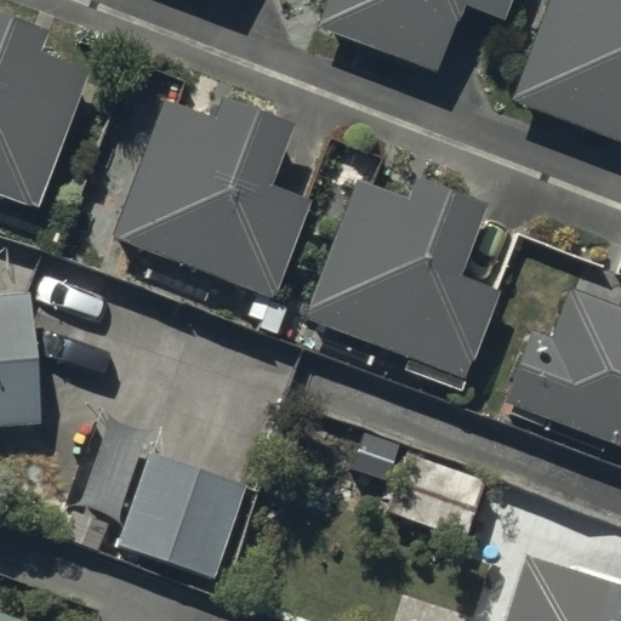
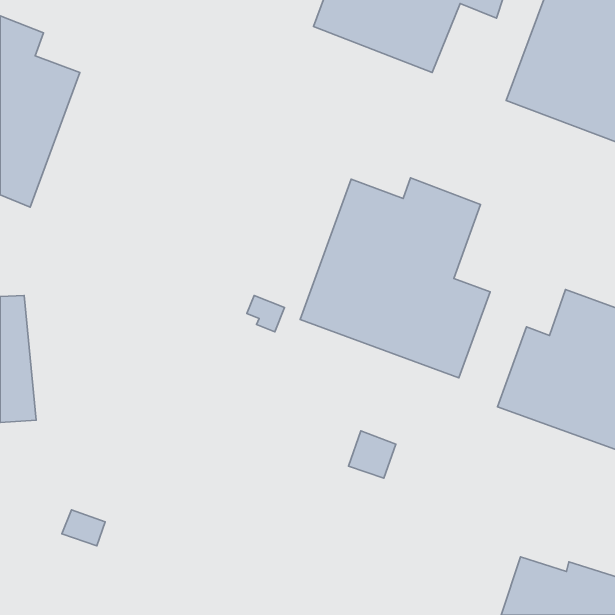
building: [116,98,307,292] -> none
building: [118,454,244,579] -> none

